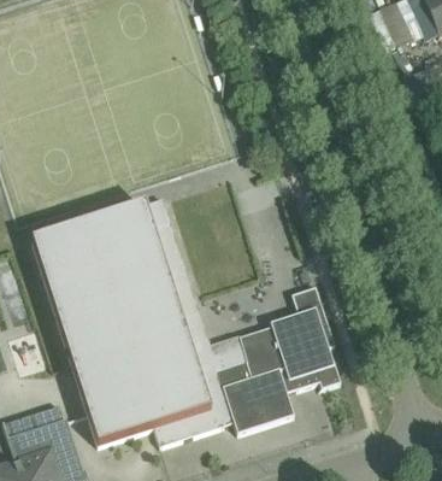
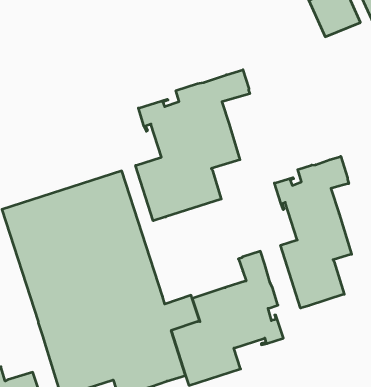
building: none -> [136,70,250,221]
building: none -> [274,156,352,308]

